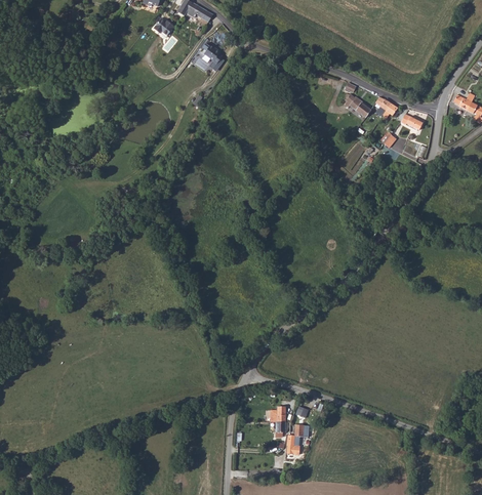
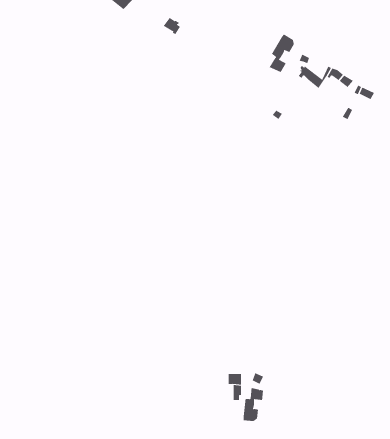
building: none -> [269,34,294,73]

